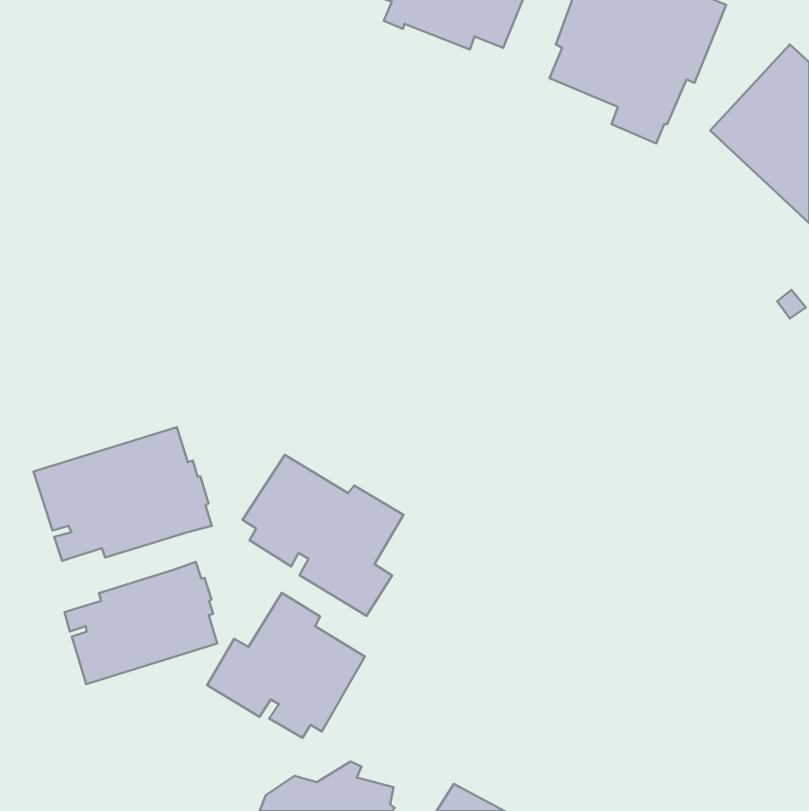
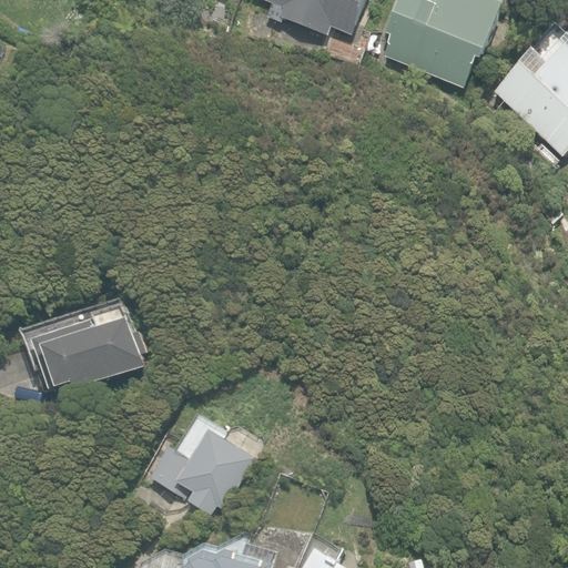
building: [242,455,404,616] -> none
building: [64,562,217,684] -> none

